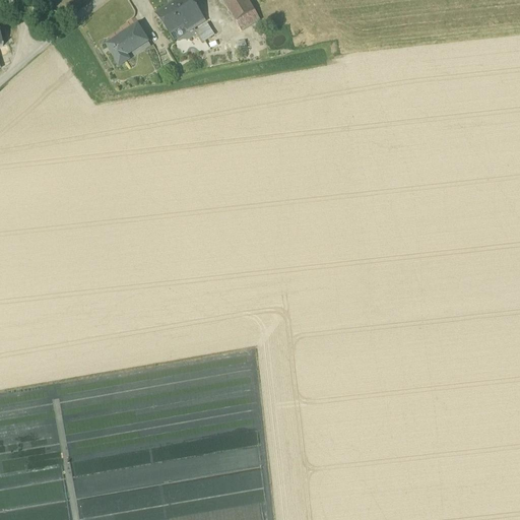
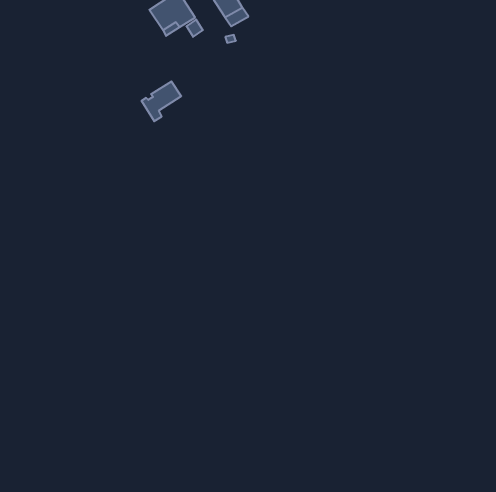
building: [106,22,147,64] -> [141,81,181,121]

